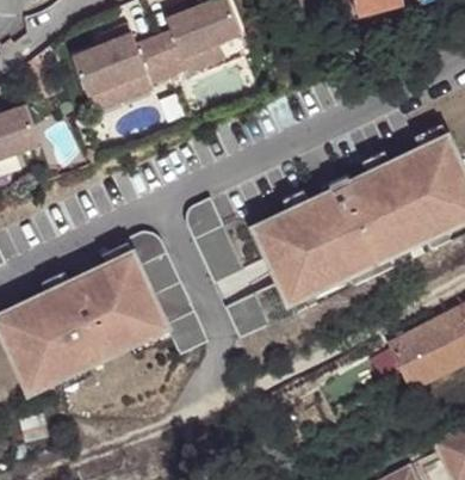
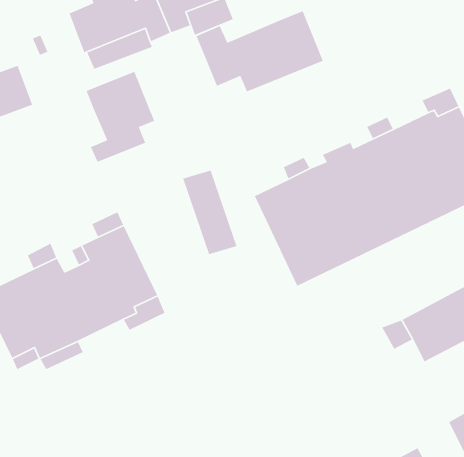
building: none -> [196,10,324,93]
building: none -> [85,71,155,163]

